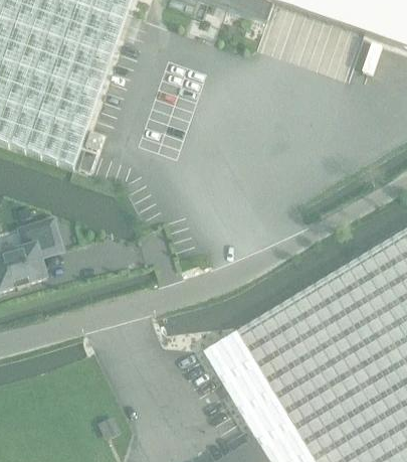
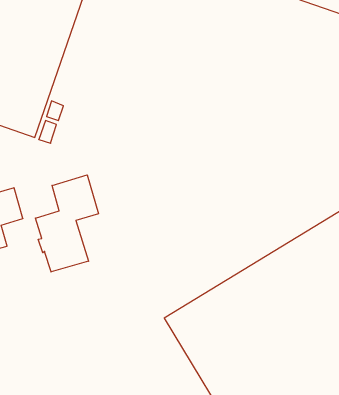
building: none -> [35,175,99,272]

